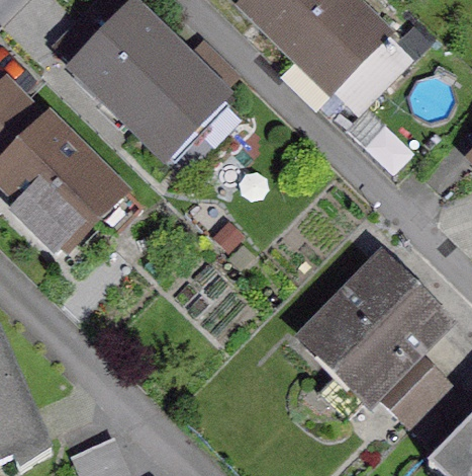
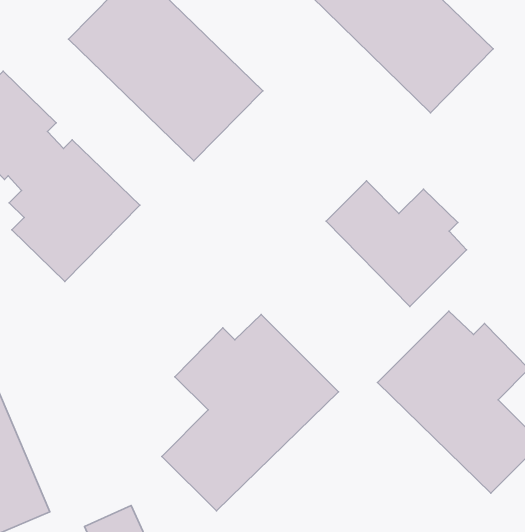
building: none -> [326,181,467,307]
building: none -> [162,315,338,511]

